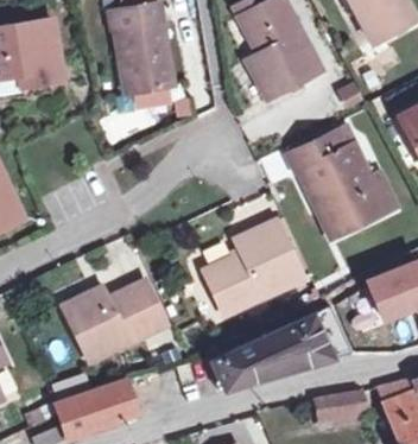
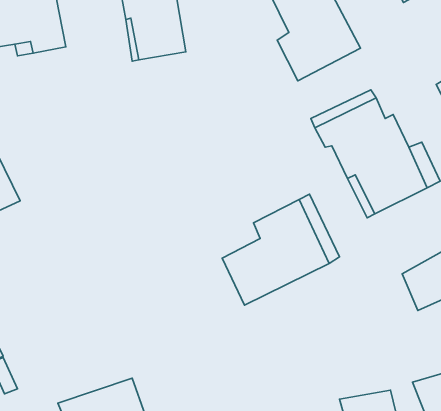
building: [61,287,163,364] -> none
building: [209,305,349,392] -> none

